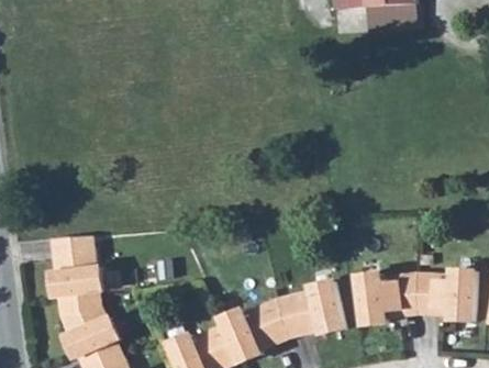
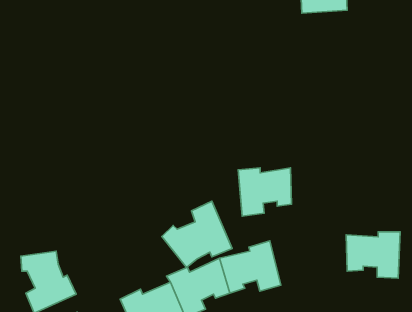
building: [51,235,102,298] -> none
building: none -> [162,201,232,268]
building: [358,274,416,326] -> [238,168,291,216]

